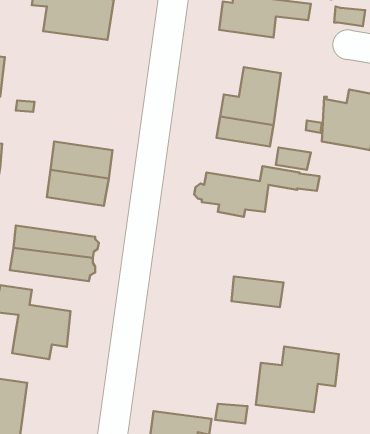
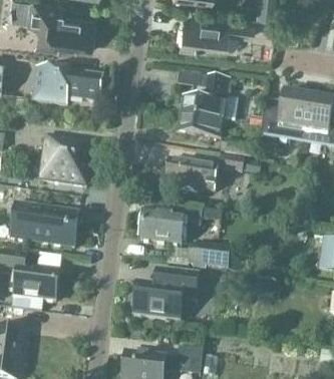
building: none -> [33,66,102,102]
building: none -> [139,206,202,244]
building: [256,347,339,412] -> [131,268,199,321]

